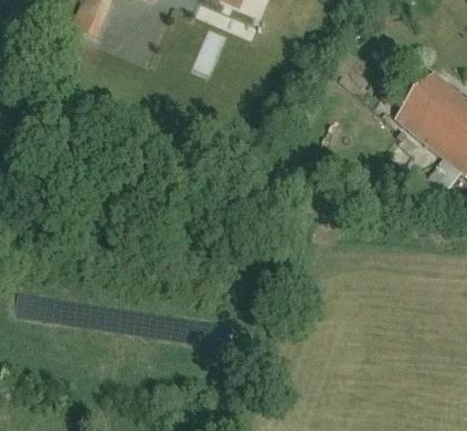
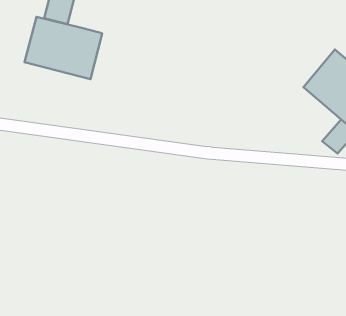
building: none -> [25,17,102,79]

